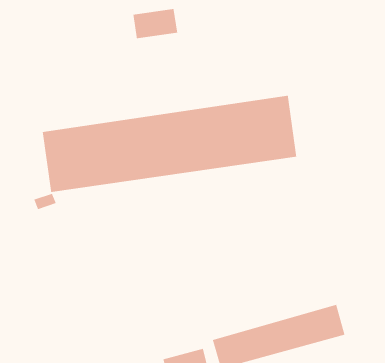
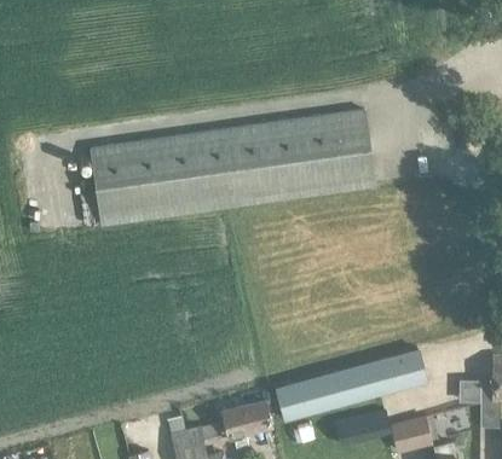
building: [132,8,178,39] -> none

